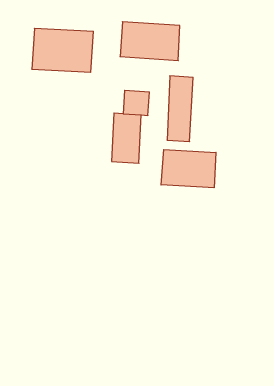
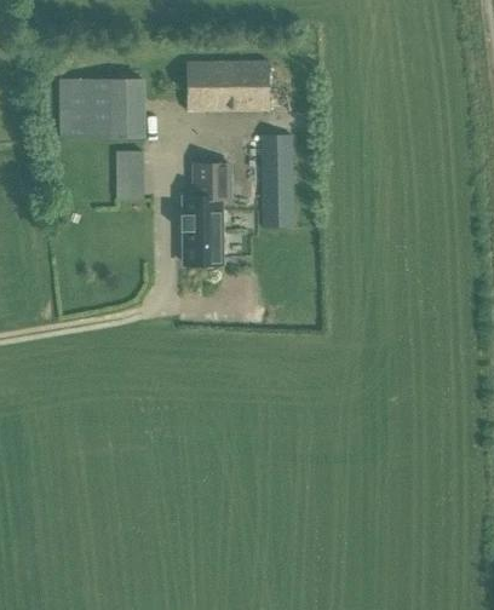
building: none -> [116,151,143,201]
building: [161,150,216,188] -> none

